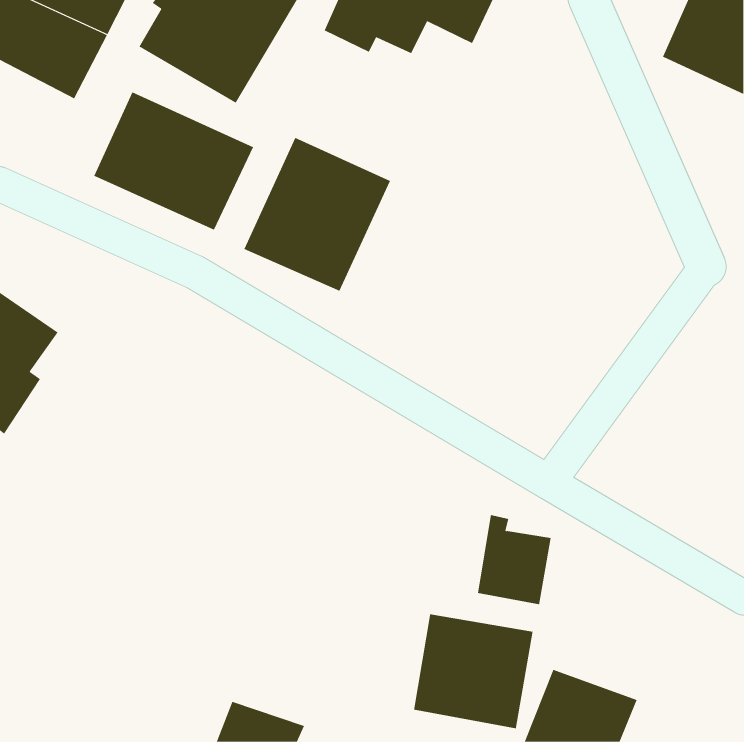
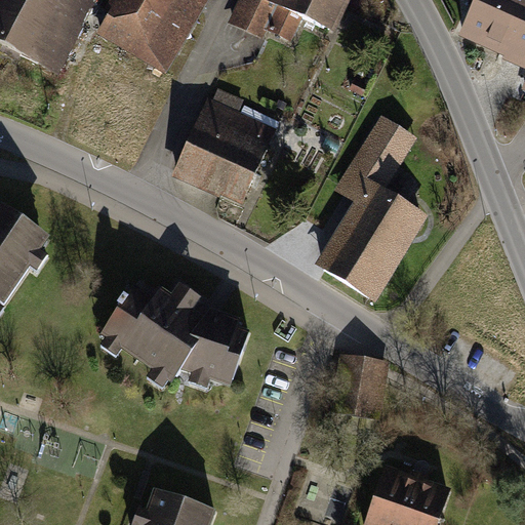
building: [94,92,254,230] -> none
building: none -> [323,117,420,296]
building: none -> [108,286,248,378]
building: [414,613,533,729] -> none

